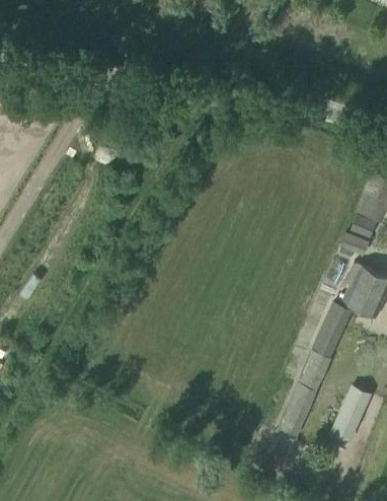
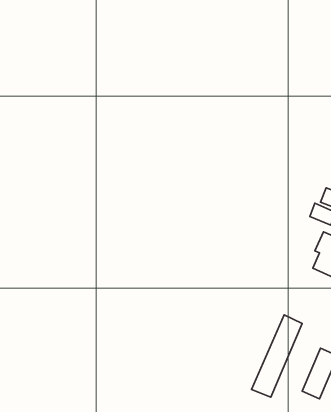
building: [311,304,351,358] -> none

